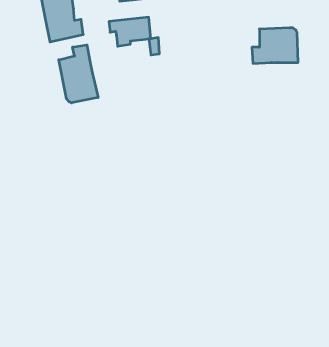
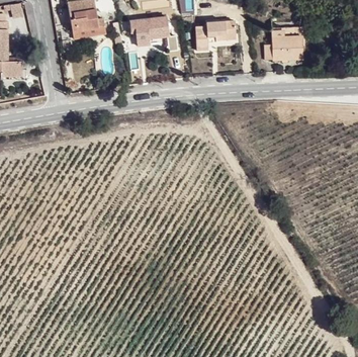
building: none -> [195,21,236,51]
building: [59,45,98,103] -> none

